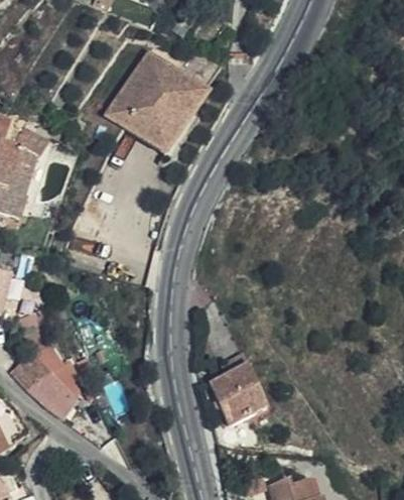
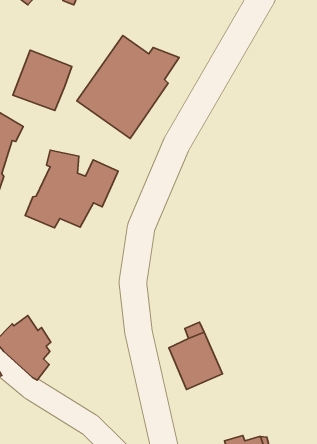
building: none -> [13,50,72,111]
building: none -> [25,150,118,228]

